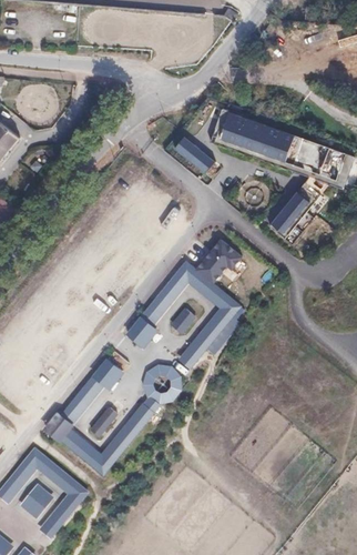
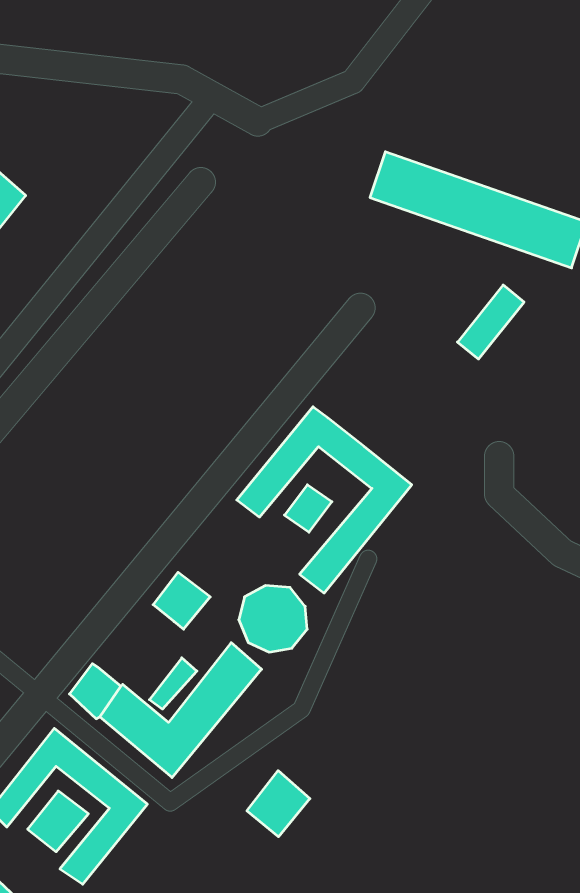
building: [174,135,215,174] -> none
building: [194,238,243,284] -> none
building: [126,315,160,350] -> none
building: [60,376,104,424] -> none
building: none -> [247,771,310,837]

